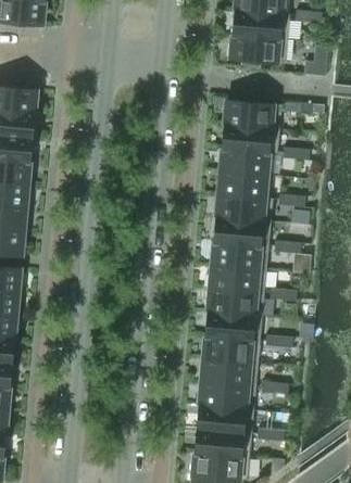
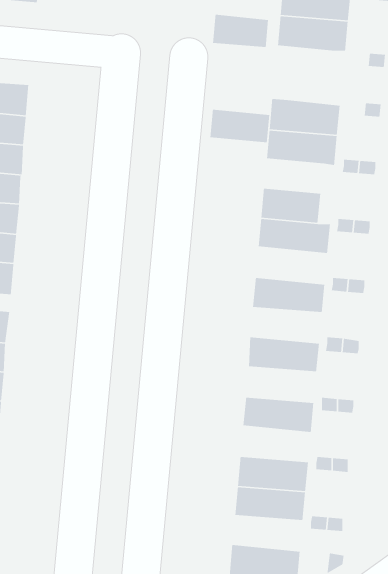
building: none -> [212,14,269,48]
building: [220,147,267,174] -> [210,109,270,143]
building: [213,216,271,245] -> none
building: [209,264,266,292] -> none
building: [205,310,262,339] -> none
building: [201,357,258,385] -> none
building: [195,428,251,456] -> none

